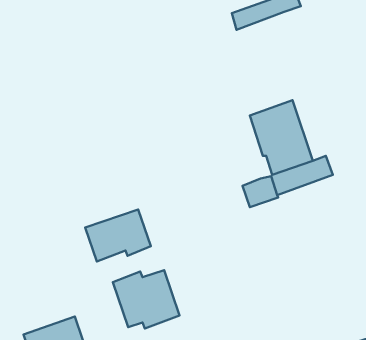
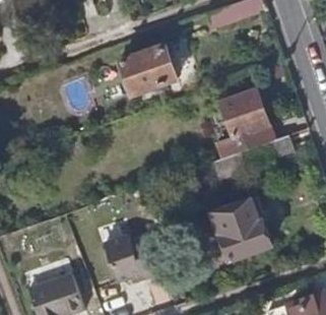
building: none -> [122,45,177,94]
building: [85,210,151,261] -> none
building: none -> [214,198,271,259]

